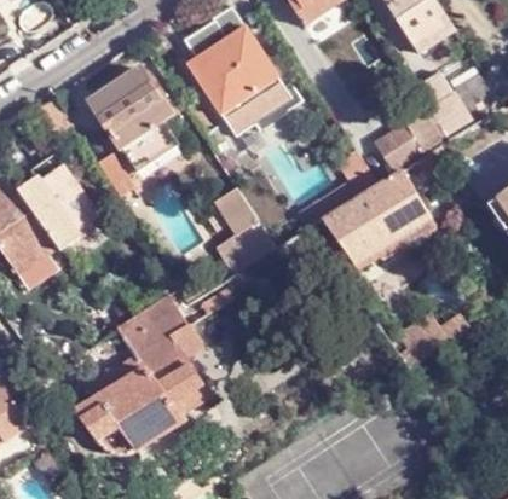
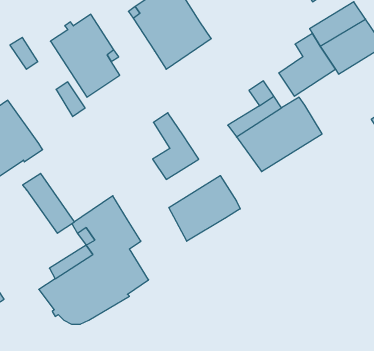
building: [31,153,97,228] -> [23,173,75,233]
building: none -> [169,176,240,241]

